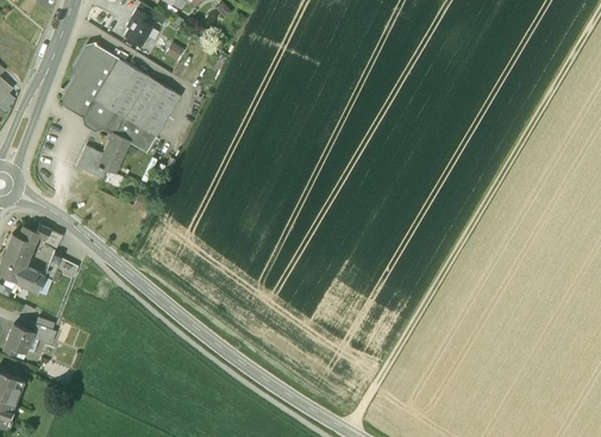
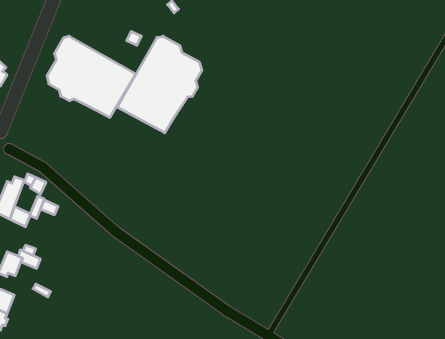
building: [125,8,151,45] -> none
building: none -> [117,36,202,133]
building: [76,133,127,179] -> none

